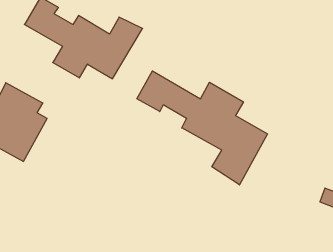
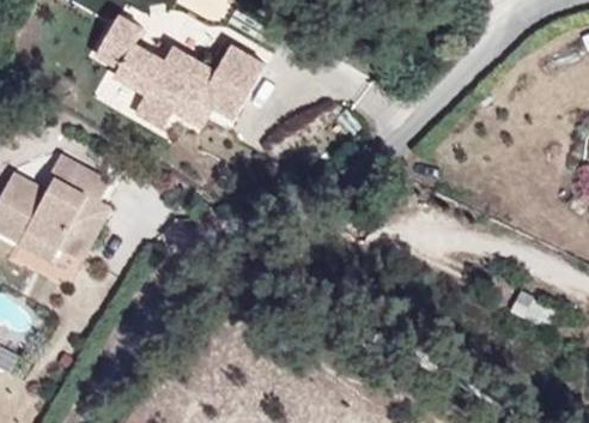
building: [137,71,268,185] -> none

